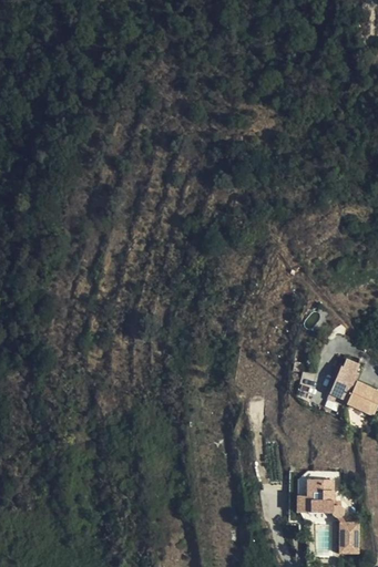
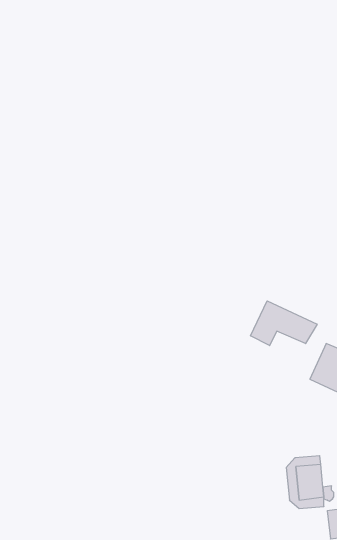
building: none -> [251,301,317,346]

